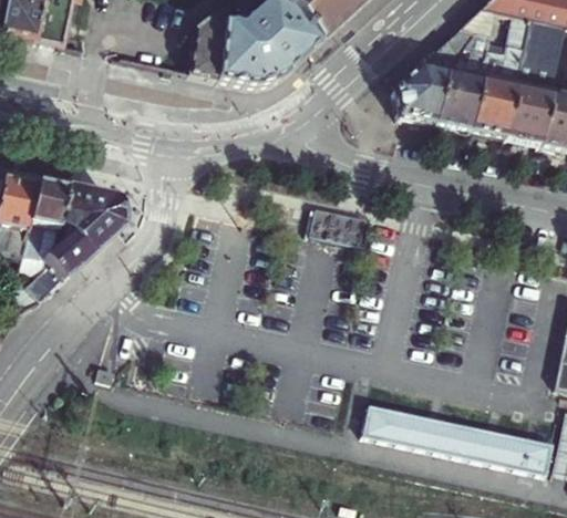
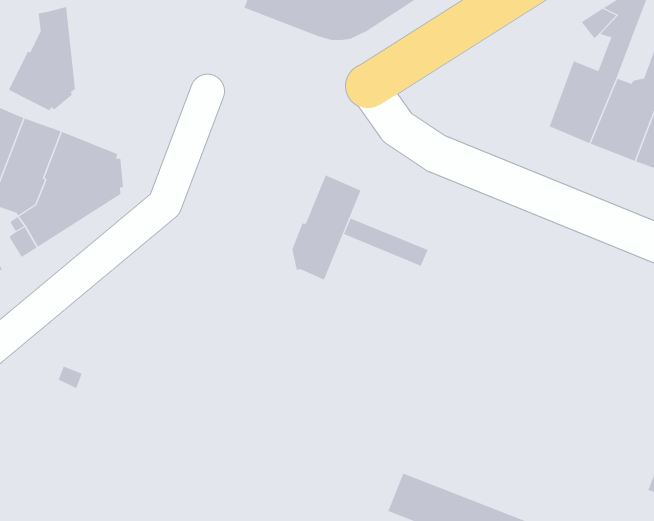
building: [395,62,446,121] -> none
building: none -> [8,6,75,111]
building: none -> [292,174,361,281]

